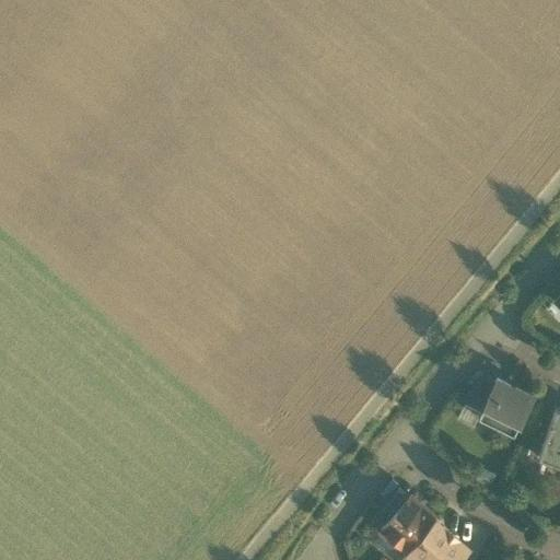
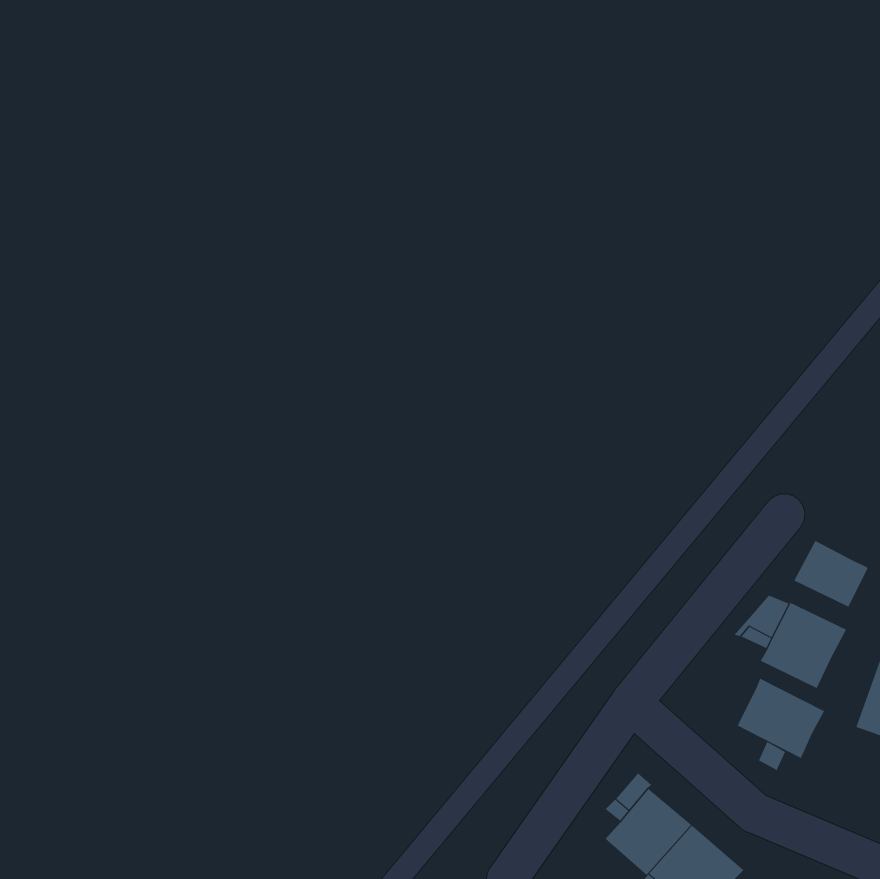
building: none -> [794,540,869,608]
building: none -> [736,678,825,759]

